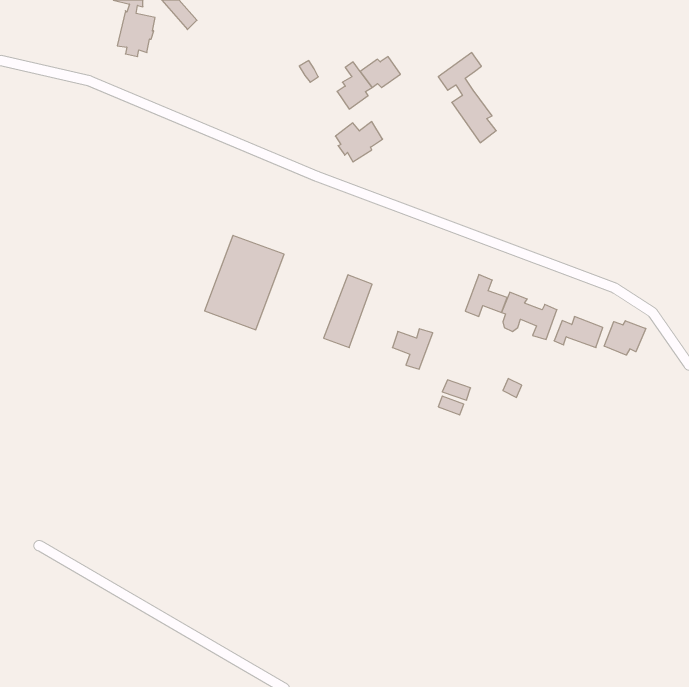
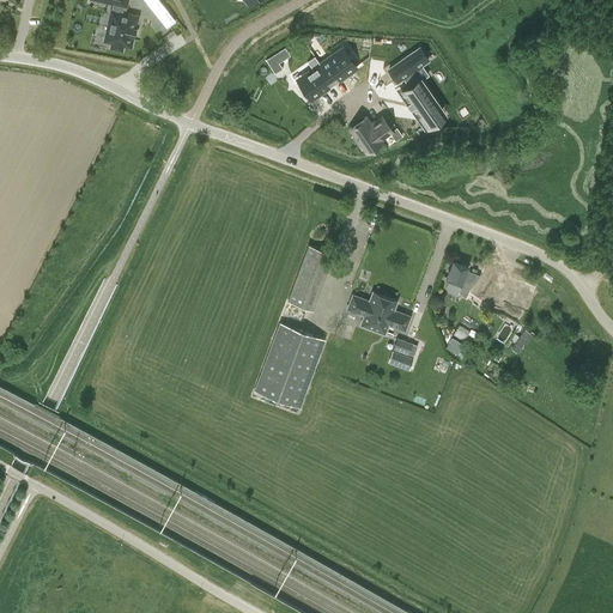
building: [335,122,383,162] -> [350,116,392,152]
building: [205,235,284,330] -> [254,323,324,407]
building: [465,275,507,316] -> [372,297,409,334]
building: [604,321,646,355] -> none

